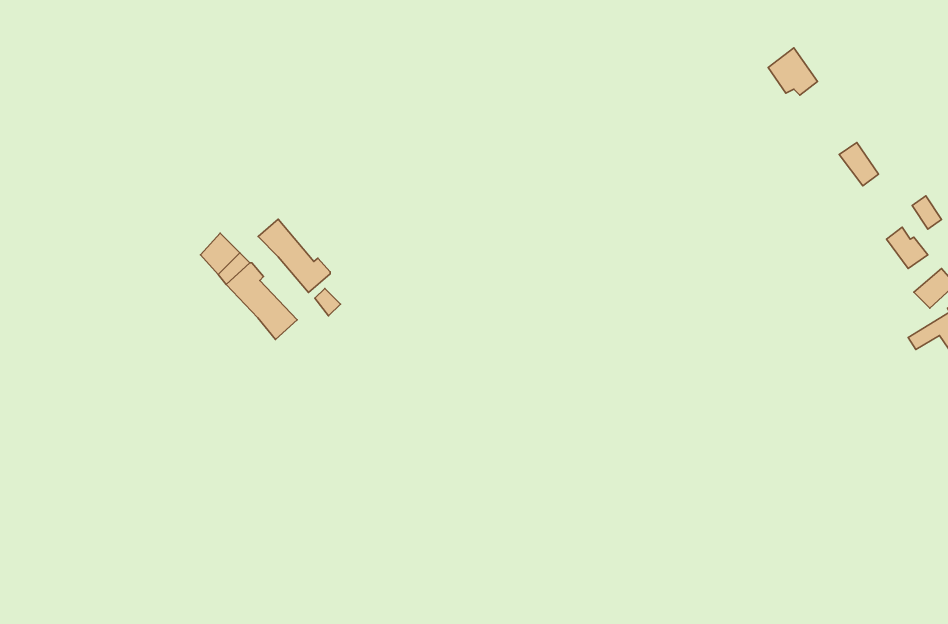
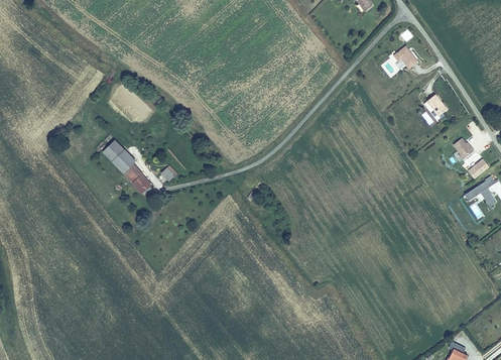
building: [258,219,330,293] -> none

